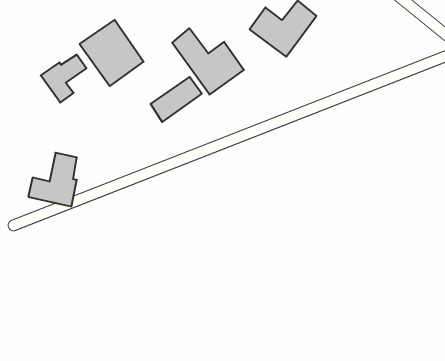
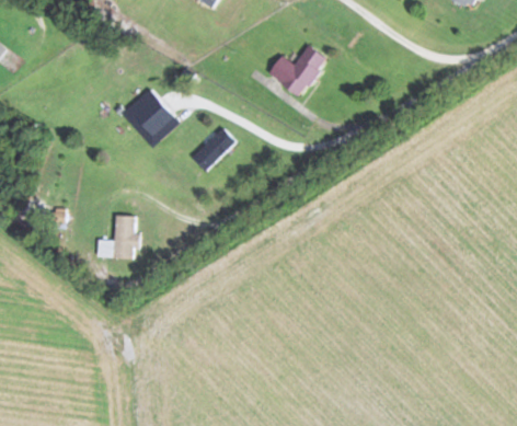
building: [172,28,244,95] -> none
building: [41,55,86,103] -> none

